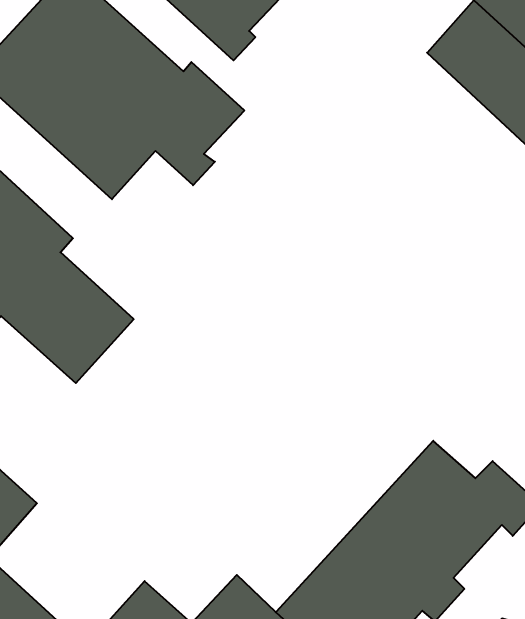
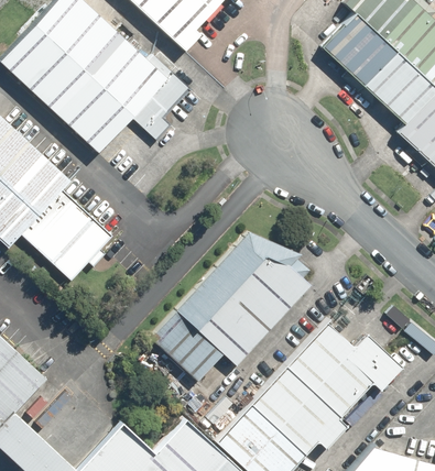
building: none -> [150,232,308,384]

